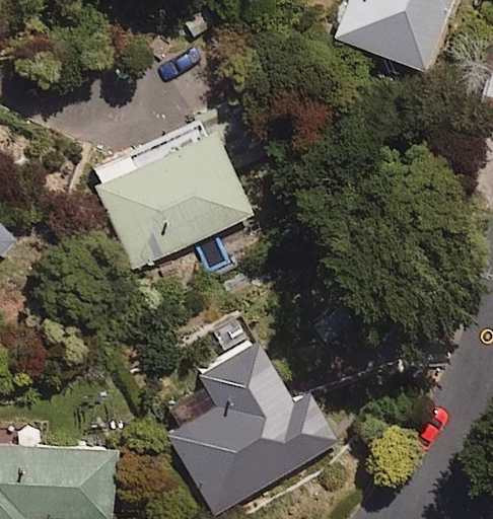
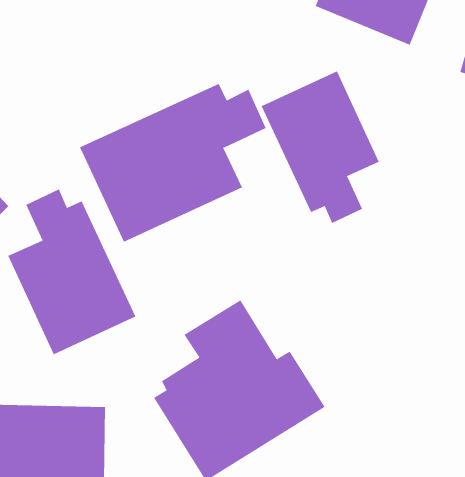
building: none -> [261,71,380,224]
building: none -> [8,189,136,355]

